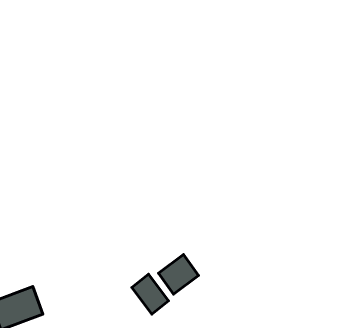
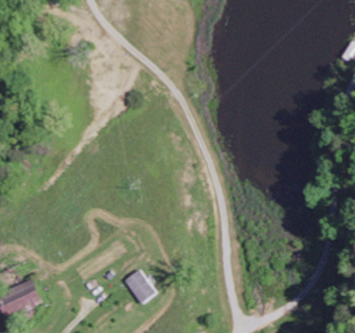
building: [158,254,198,294] -> none

